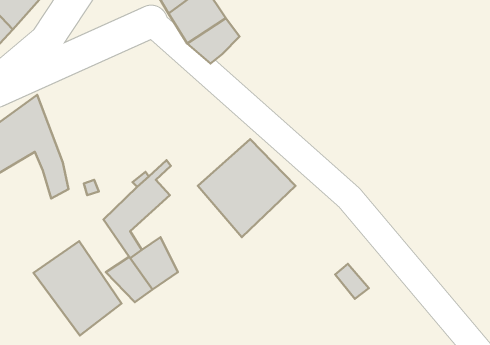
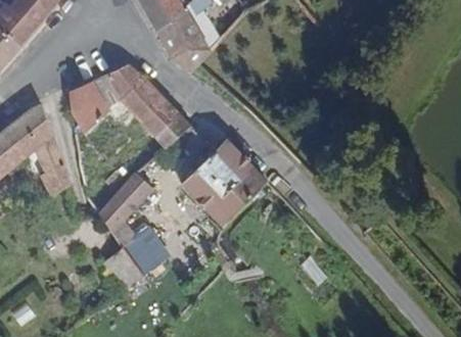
building: none -> [105,62,189,146]
building: none -> [72,80,112,135]
building: [33,241,121,336] -> none

